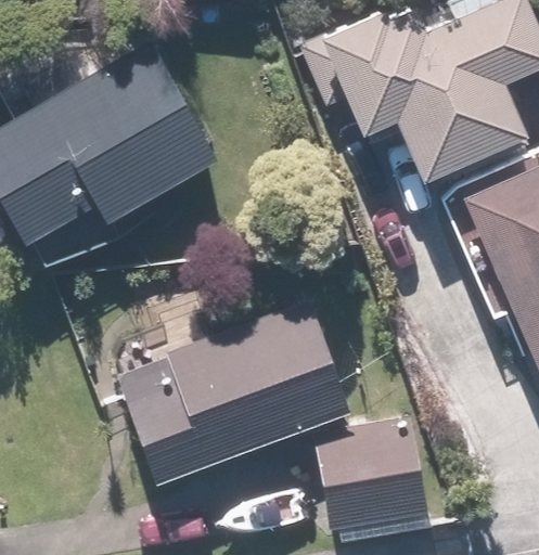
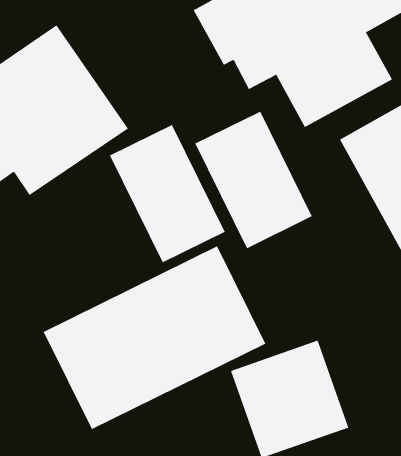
building: none -> [194,111,313,249]
building: none -> [109,124,226,263]

